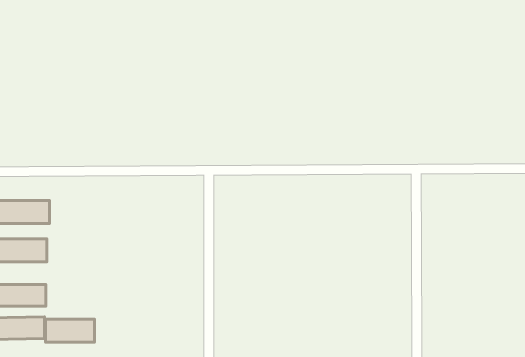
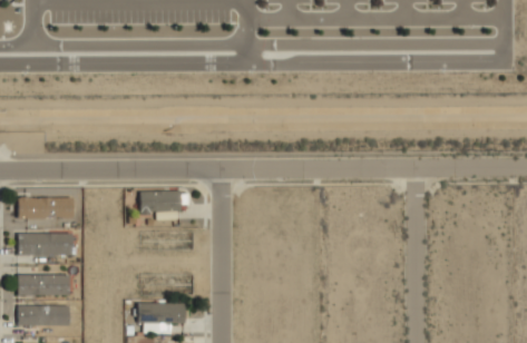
building: none -> [140,190,180,212]
building: [46,319,95,342] -> [138,302,184,323]

